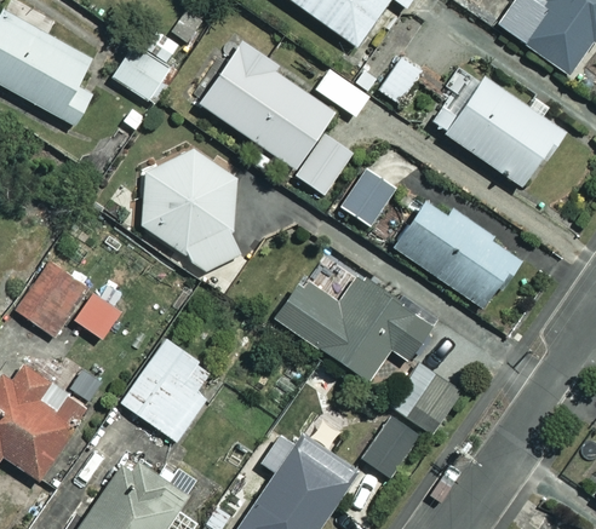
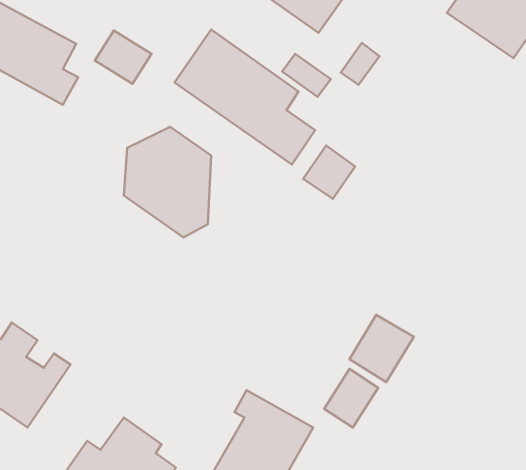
building: [432,74,561,185] -> none
building: [392,201,518,307] -> none
building: [16,260,90,335] -> none
building: [275,276,434,380] -> none
building: [121,338,213,442] -> none

